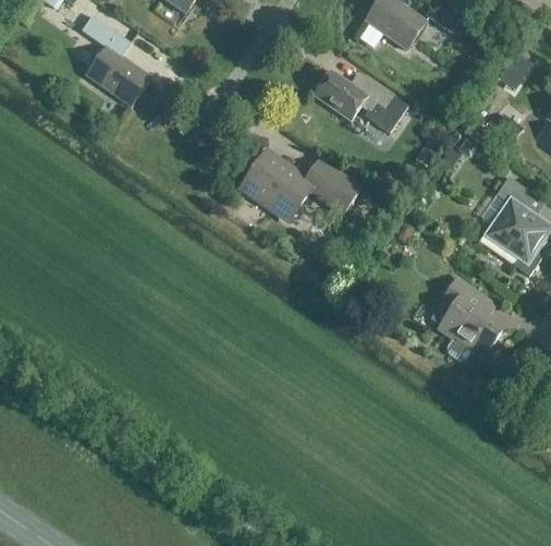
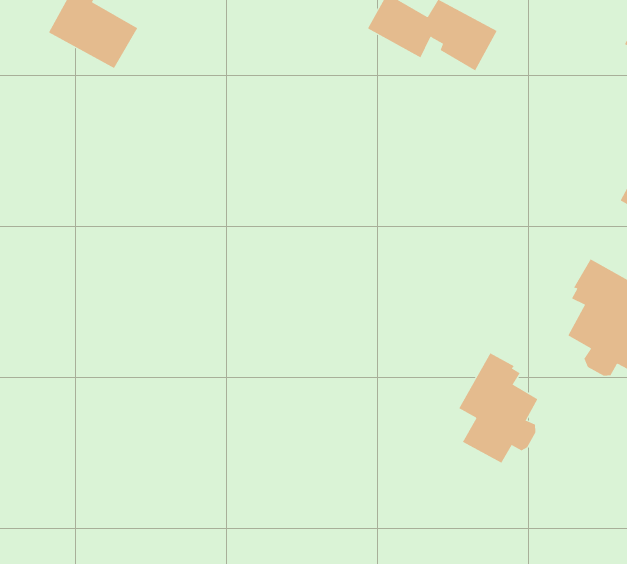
building: [241,151,359,214] -> none
building: none -> [459,352,538,464]

